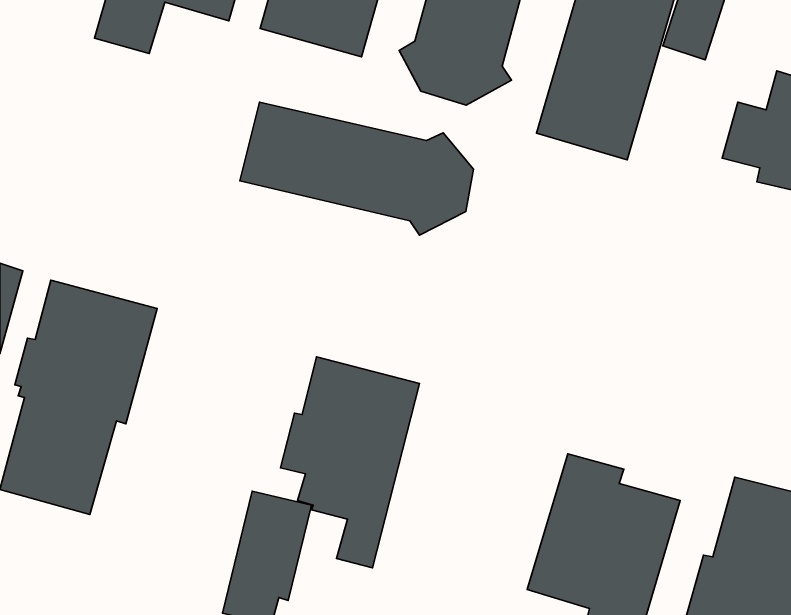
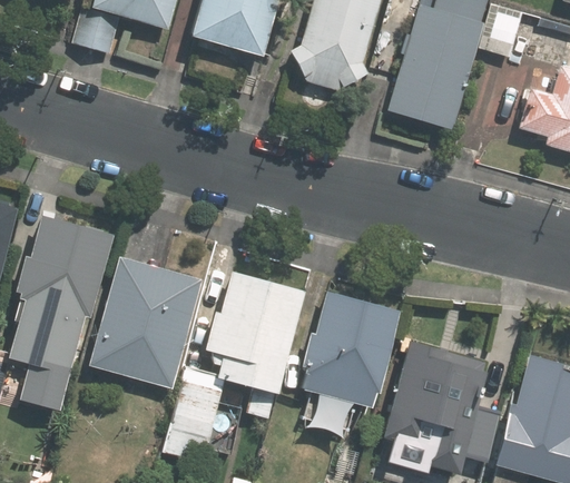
building: [240,102,473,235] -> none
building: none -> [87,255,204,388]
building: none -> [302,289,399,435]

